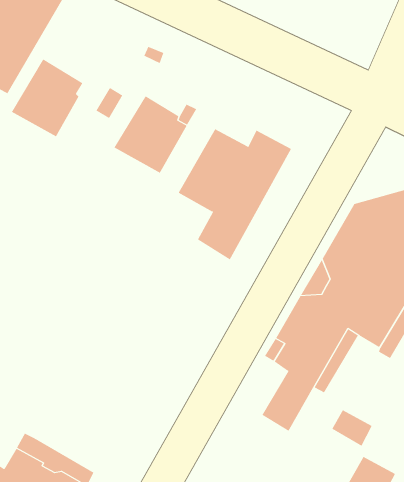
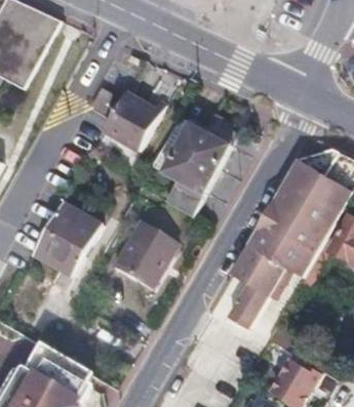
building: [11,59,83,137] -> none
building: none -> [35,199,105,274]
building: none -> [111,217,175,286]

